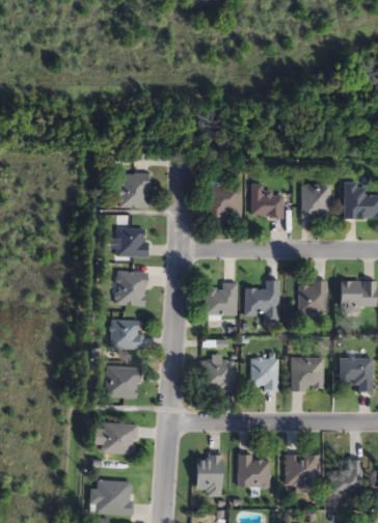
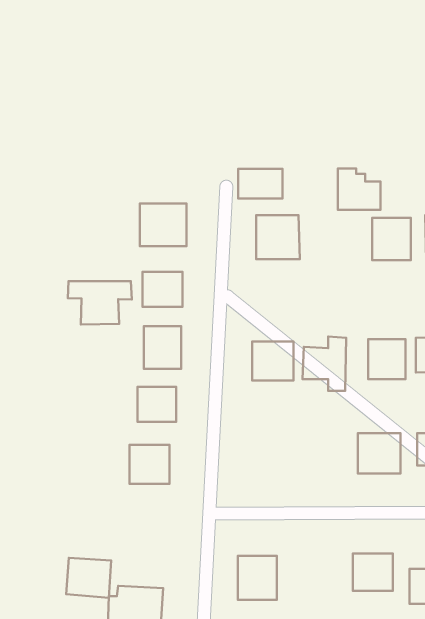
building: none -> [238,169,283,198]
building: [249,184,284,217] -> [338,169,381,210]
building: none -> [68,281,132,324]
building: [201,356,235,390] -> none
building: [250,358,280,389] -> none
building: [101,422,137,455] -> [66,558,111,598]
building: [238,453,271,487] -> none

